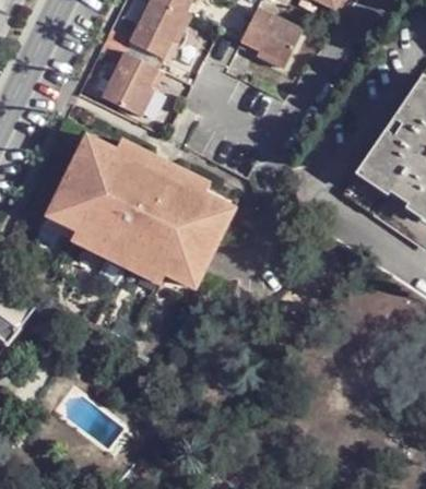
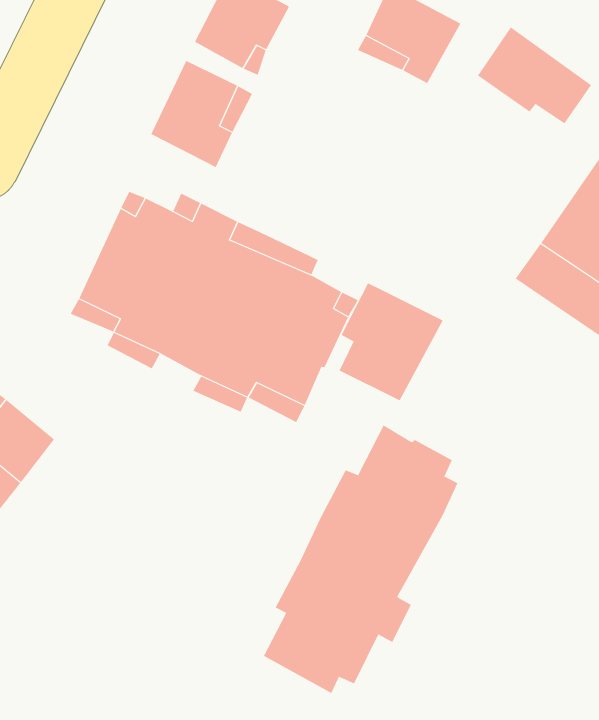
building: none -> [477,27,592,124]
building: none -> [339,283,444,401]
building: none -> [263,425,458,694]

